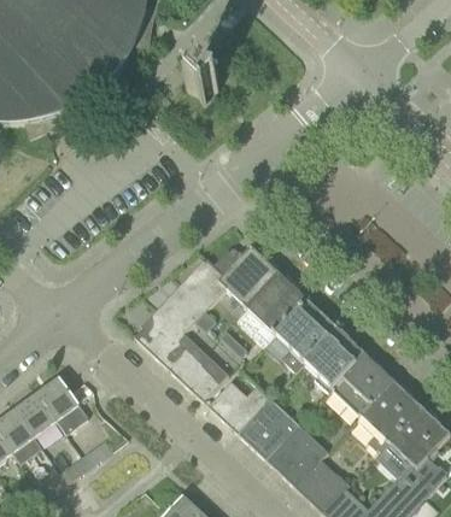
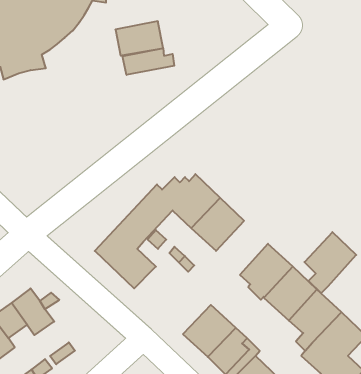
building: none -> [122,48,174,75]
building: [275,300,335,371] -> [304,232,356,293]
building: [181,353,227,400] -> none
building: [207,381,269,431] -> none

